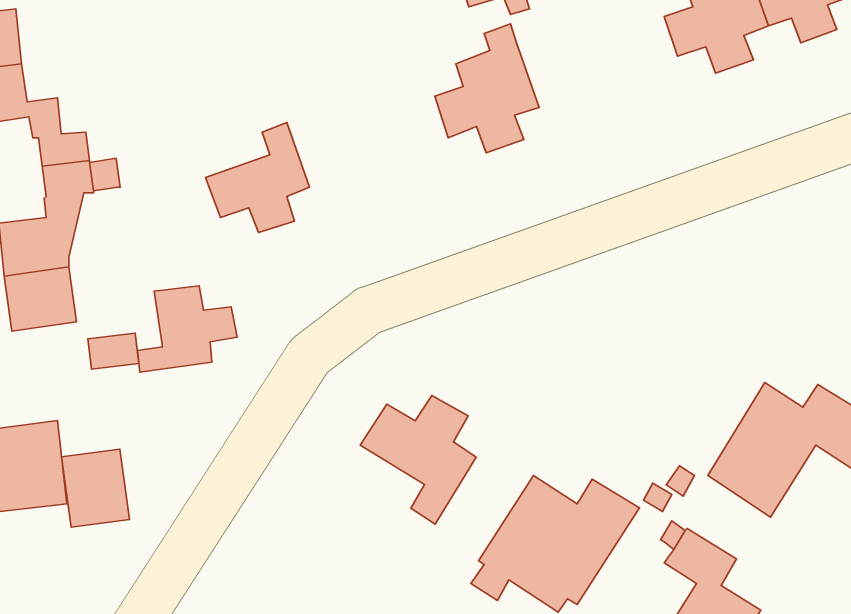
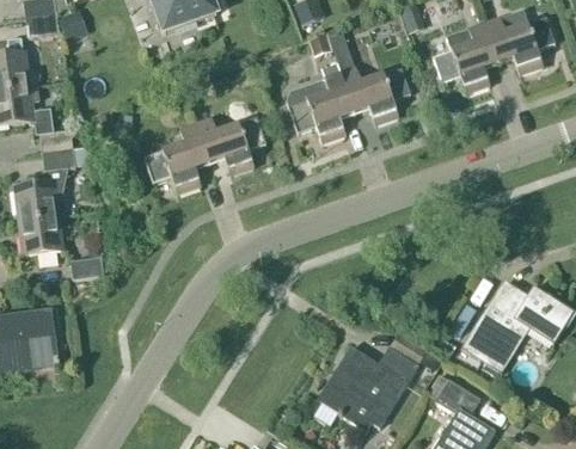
building: none -> [341,67,411,124]
building: none -> [196,117,266,174]
building: [137,286,237,372] -> none
building: [360,395,476,524] -> none
building: [62,449,129,527] -> none

